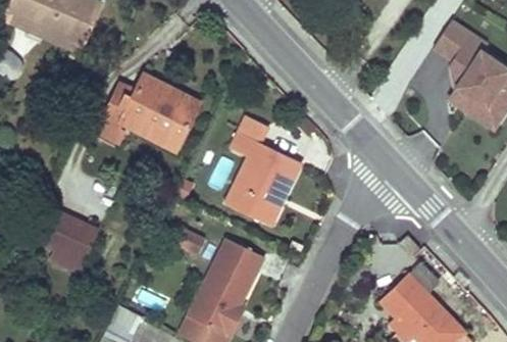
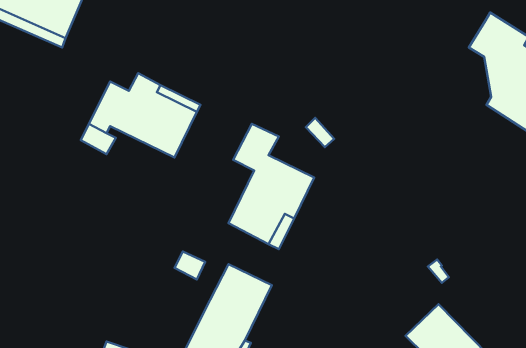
building: [47,211,98,272] -> none

